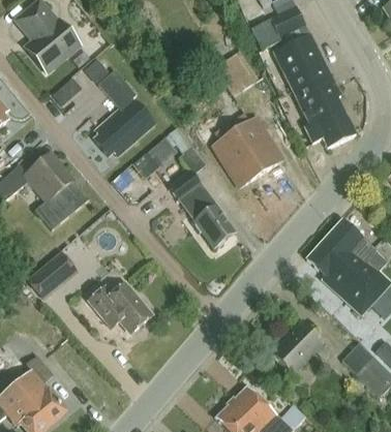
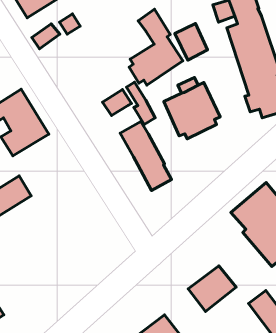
building: [94,69,154,156] -> [129,9,183,85]
building: [85,281,153,336] -> none

